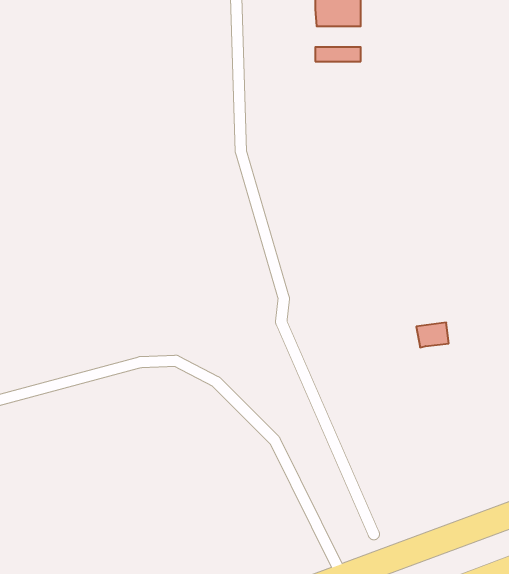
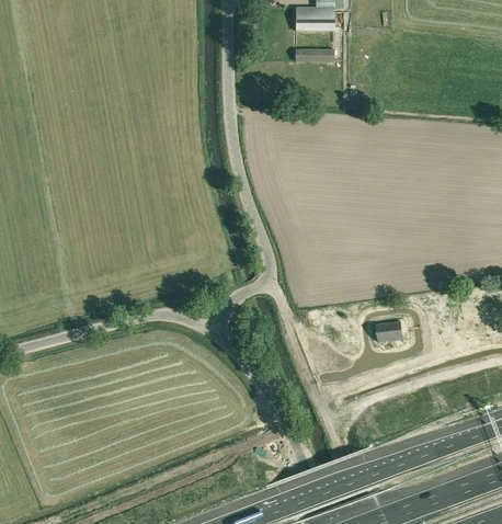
building: [416,323,449,347] -> [376,320,403,341]

